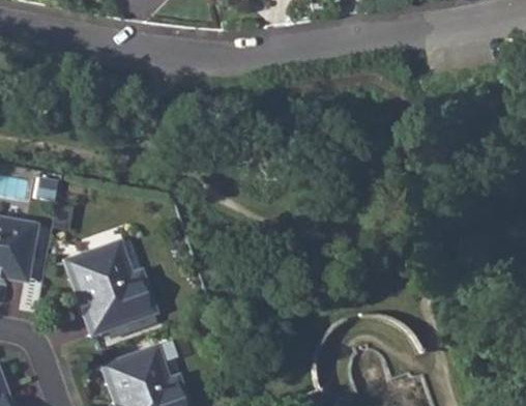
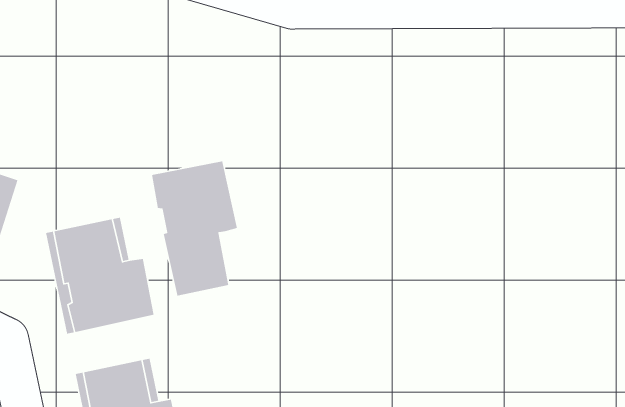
building: none -> [151,160,238,296]

